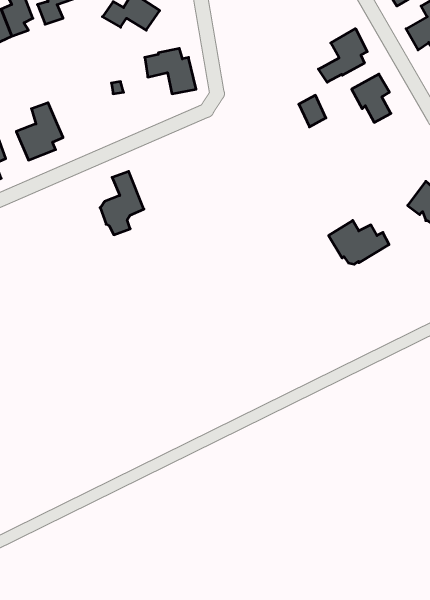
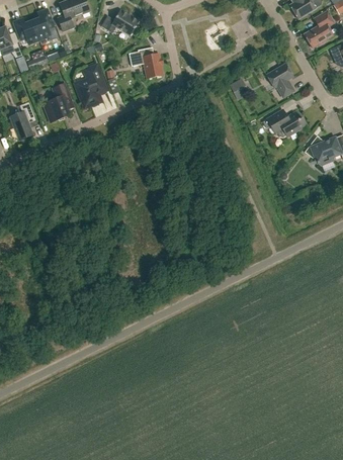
building: [318,29,367,82] -> none
building: [100,171,144,235] -> [77,64,106,106]
building: [329,220,389,264] -> [266,108,307,137]

